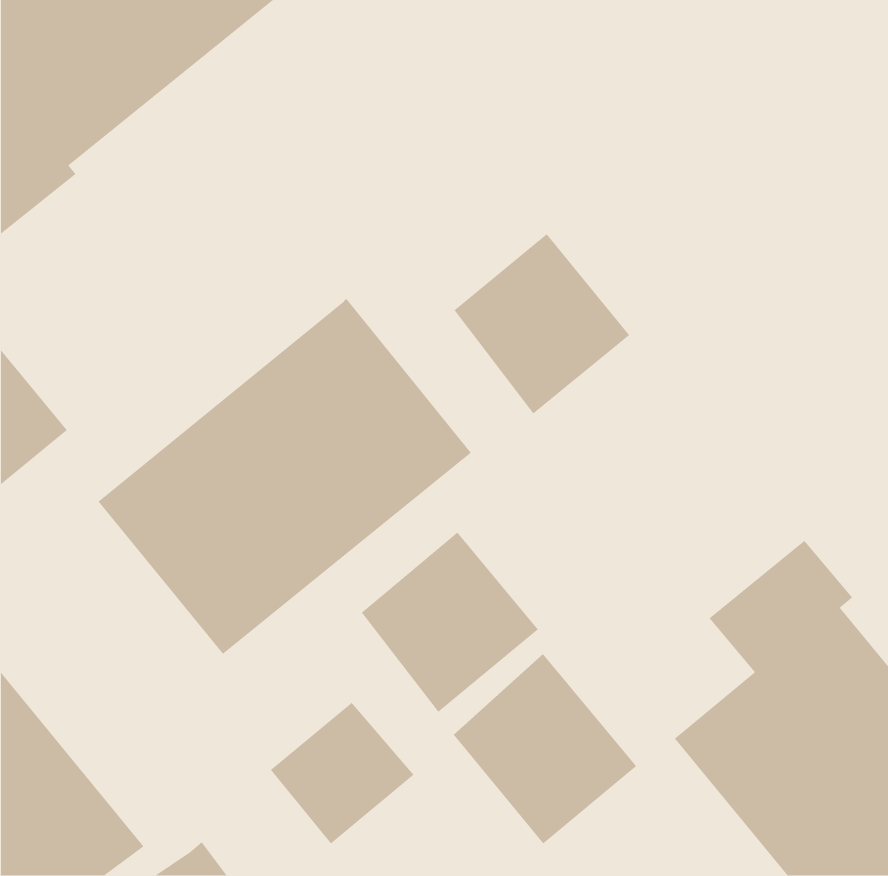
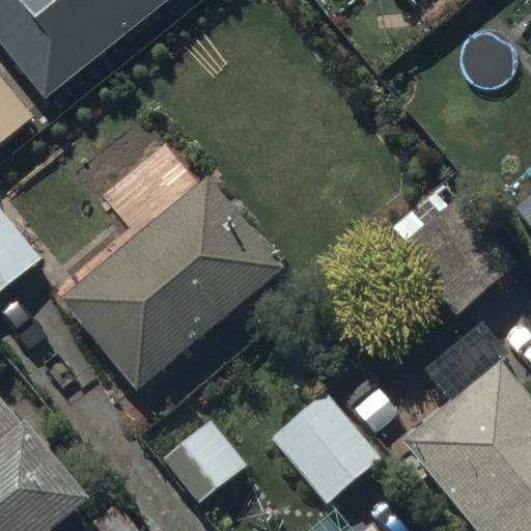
building: [453,233,630,415] -> none
building: [361,531,539,713] -> none

